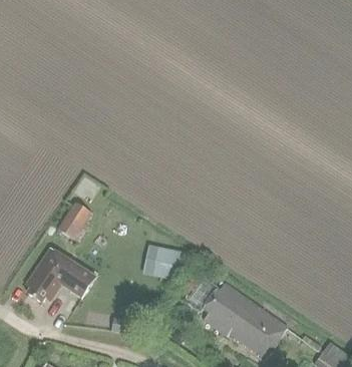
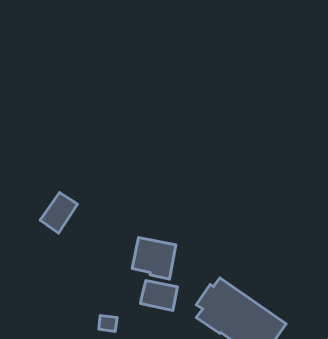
building: [24,246,94,303] -> none
building: none -> [141,280,177,311]

